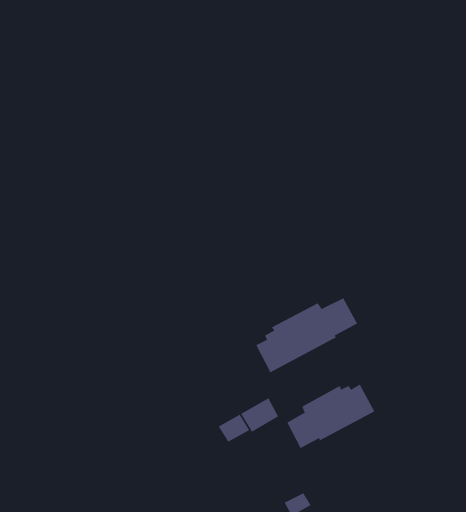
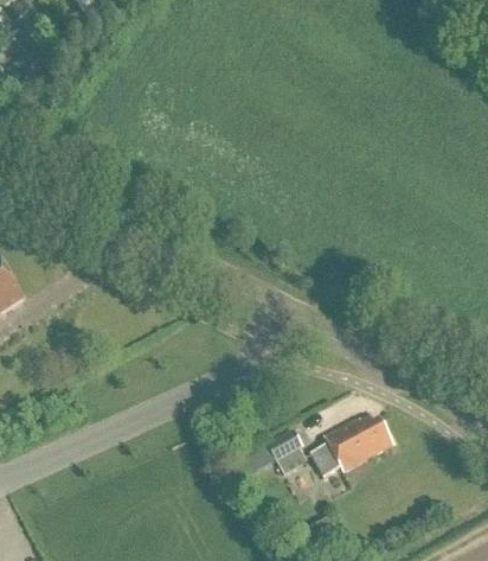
building: [255,297,358,373] -> none

